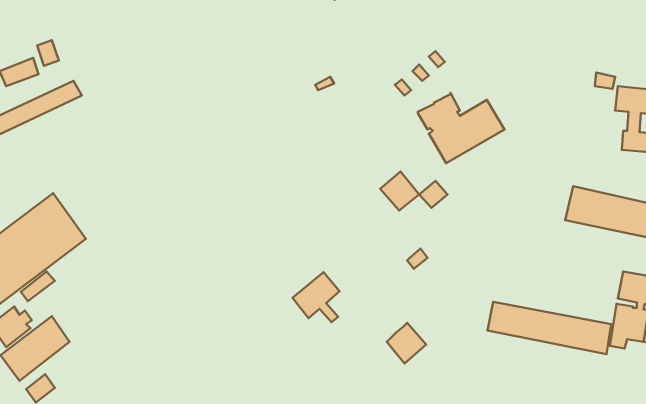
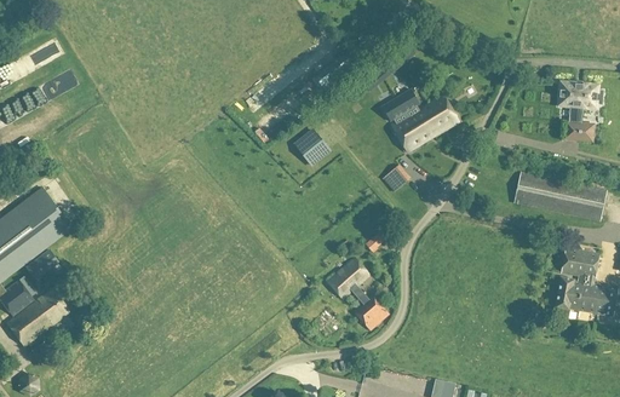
building: [380,171,419,211] -> [294,128,329,163]
building: [292,272,340,322] -> [327,257,369,301]
building: [488,302,611,354] -> none

